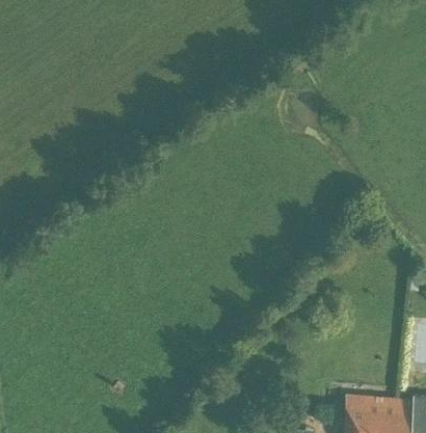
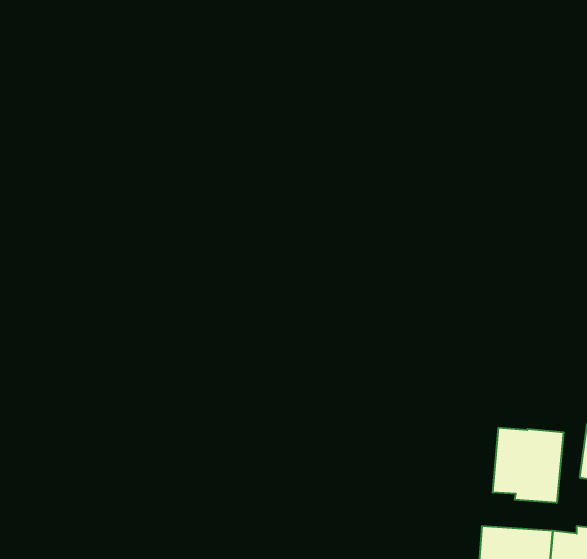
building: none -> [493,428,564,503]

